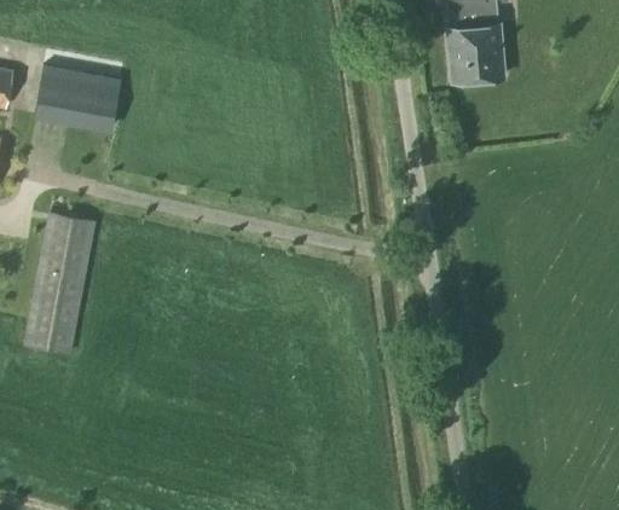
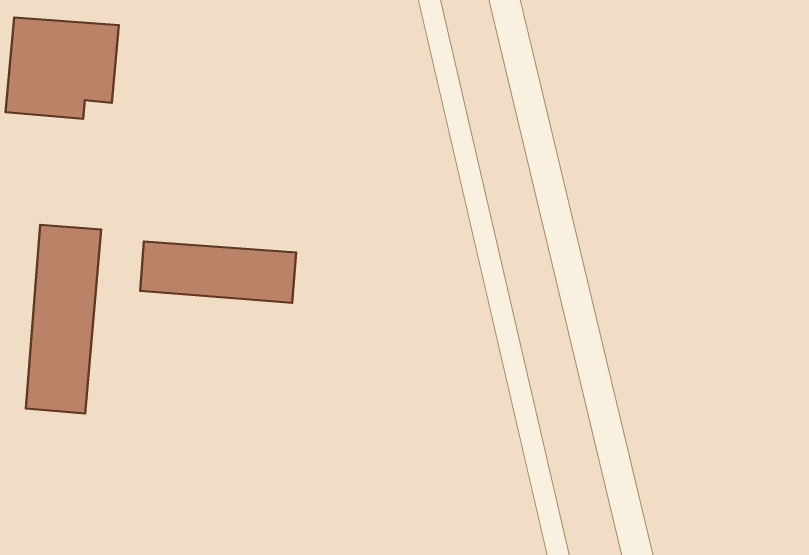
building: none -> [140,241,296,303]

